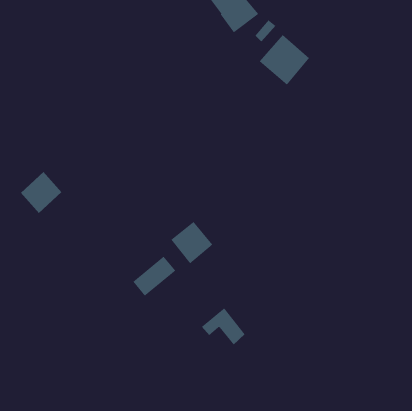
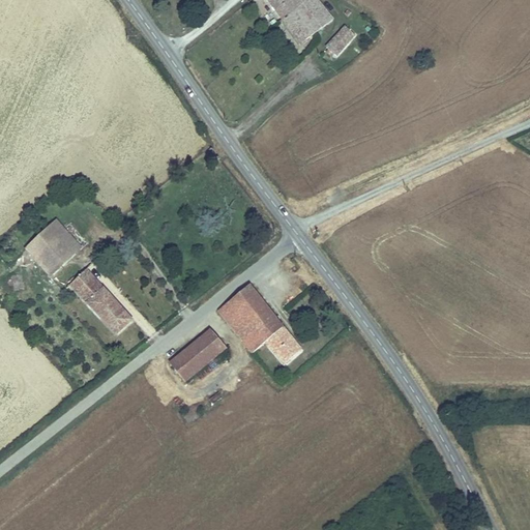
building: [259,34,310,85] -> none
building: none -> [69,268,131,332]
building: [201,307,245,345] -> [243,314,300,362]

